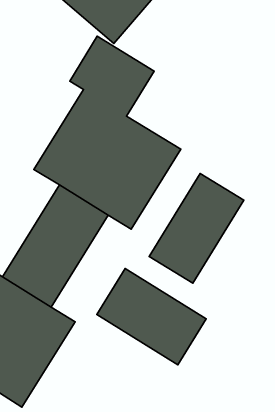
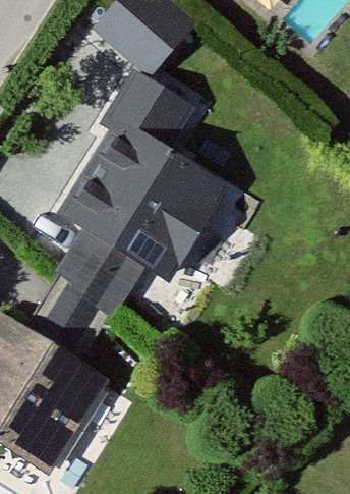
building: [149,174,244,283] -> none
building: [97,269,206,365] -> none

